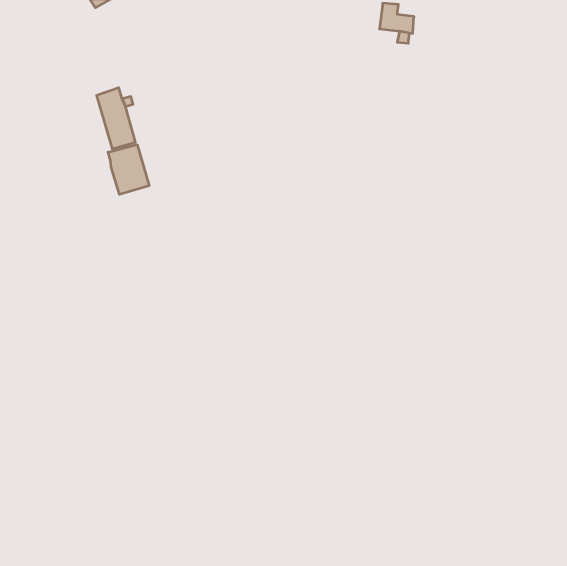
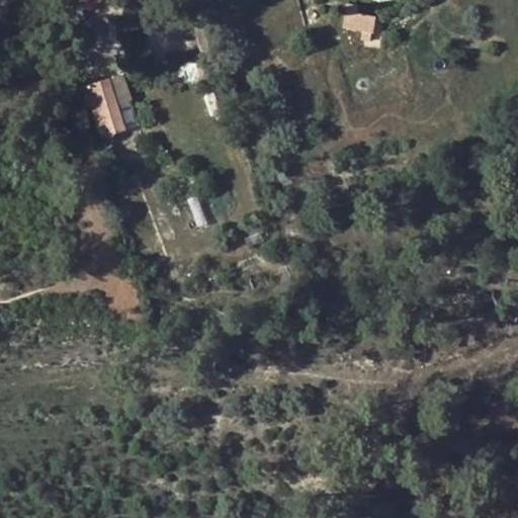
building: [108,145,149,194] -> none

